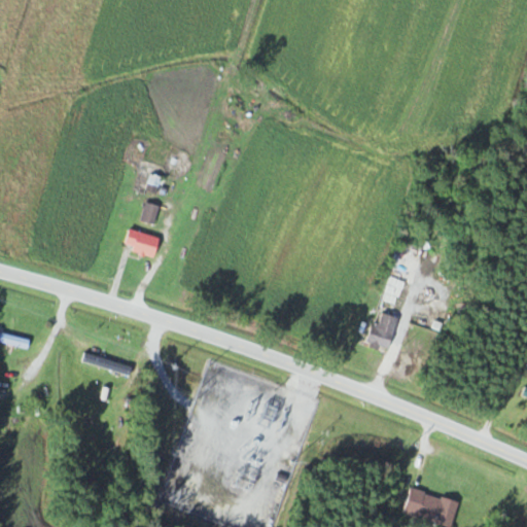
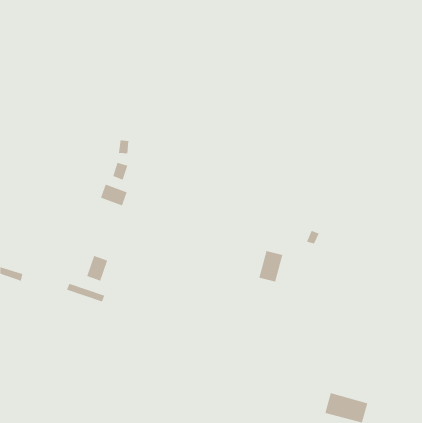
building: [367,312,398,351] -> [258,251,283,282]
building: none -> [87,255,108,282]

